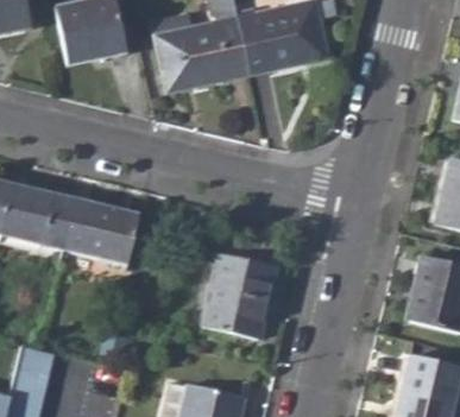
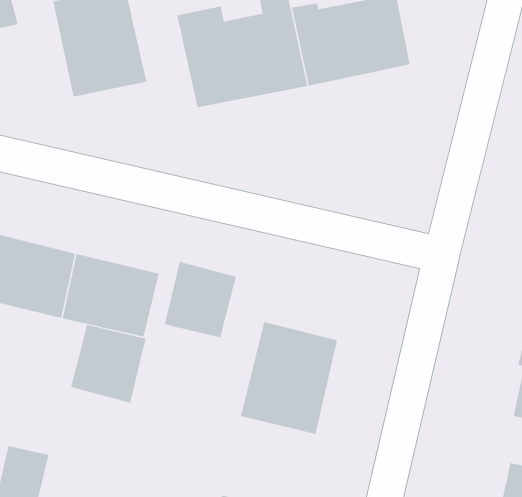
building: none -> [164,261,237,338]
building: none -> [71,324,146,403]

